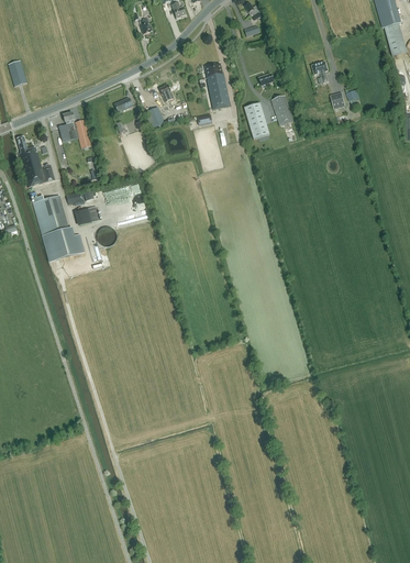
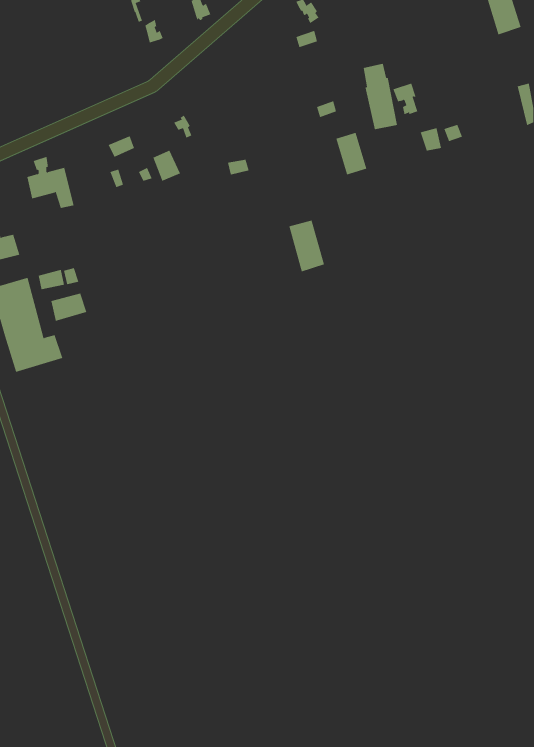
building: [206,63,230,109] -> [363,63,398,130]
building: [244,102,269,139] -> [288,220,325,272]

